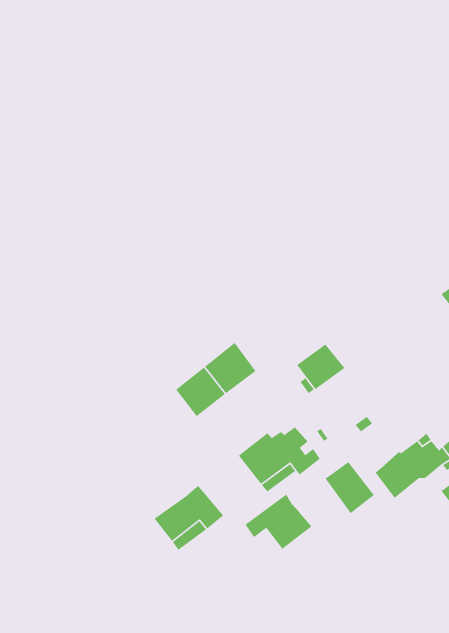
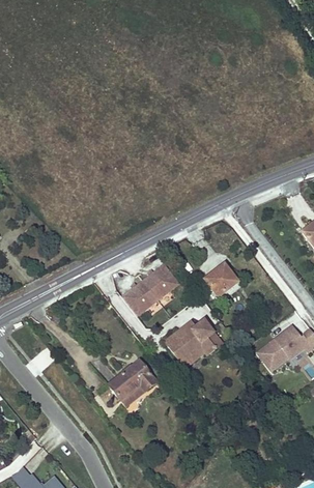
building: [325,461,375,514] -> none
building: [244,493,313,550] -> none

